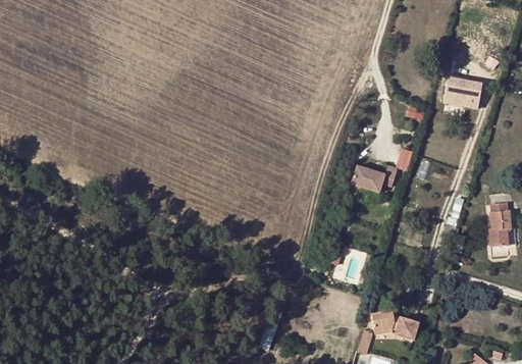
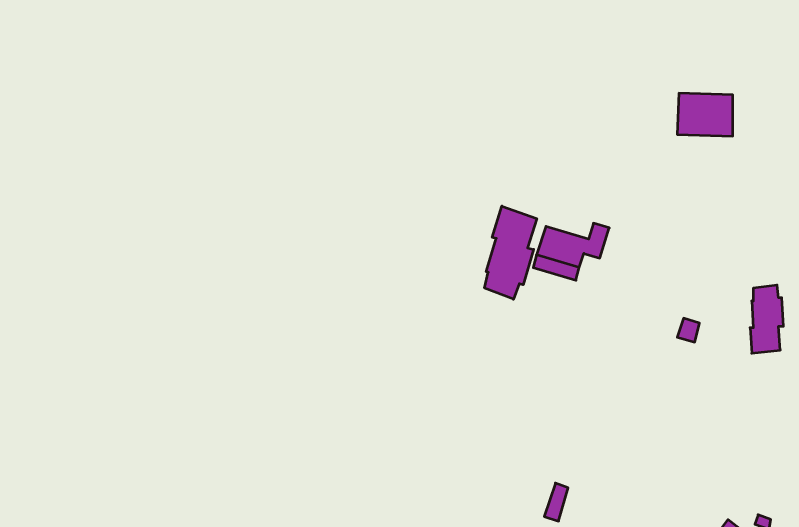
building: none -> [485,206,537,299]
building: [372,311,419,340] -> none

